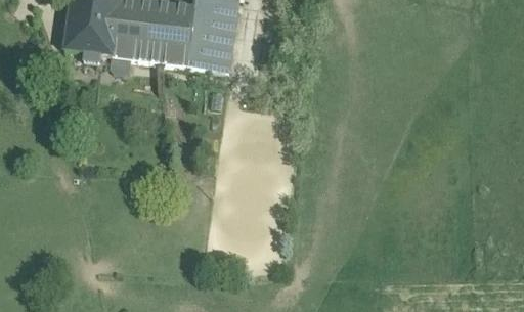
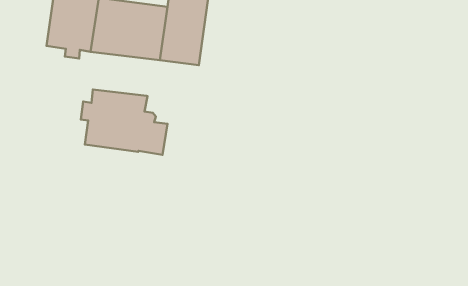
building: none -> [81,90,167,155]

